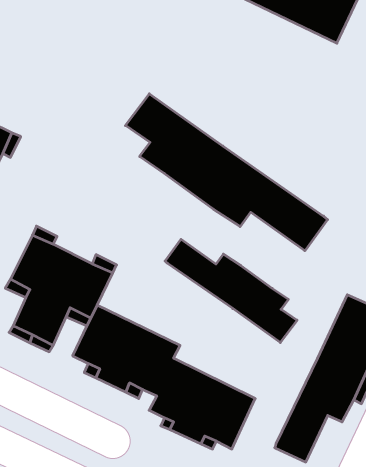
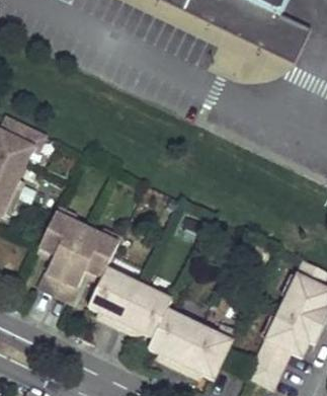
building: [125,94,328,251] -> none
building: [165,239,297,343] -> none

